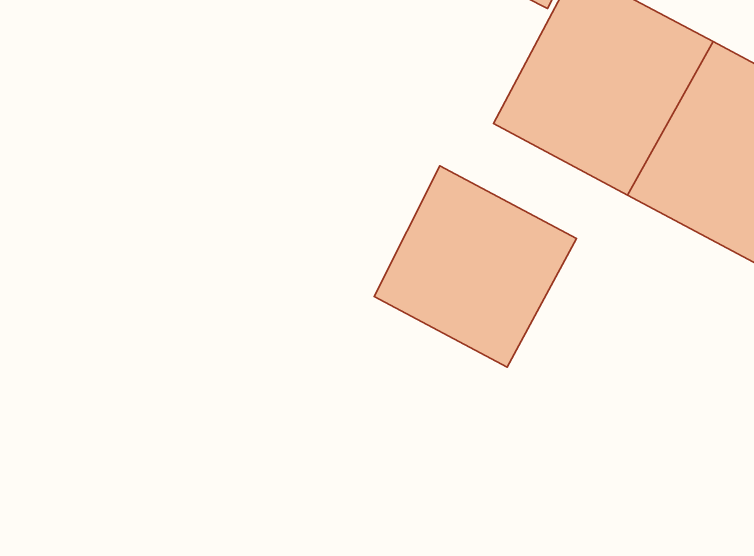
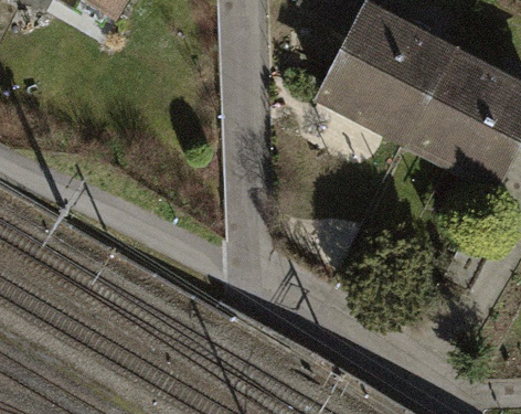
building: [374,166,576,367] -> none

